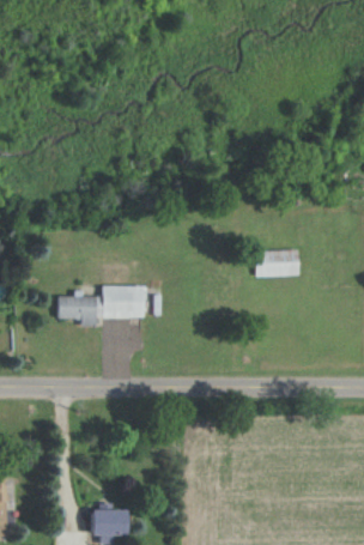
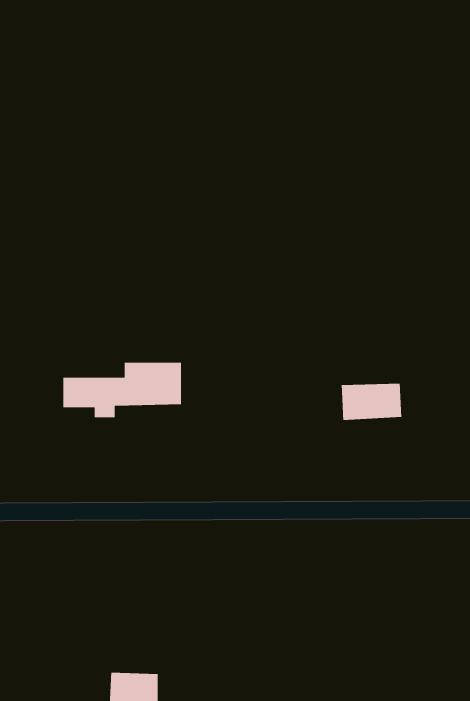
building: [255,249,299,277] -> [341,383,402,421]

